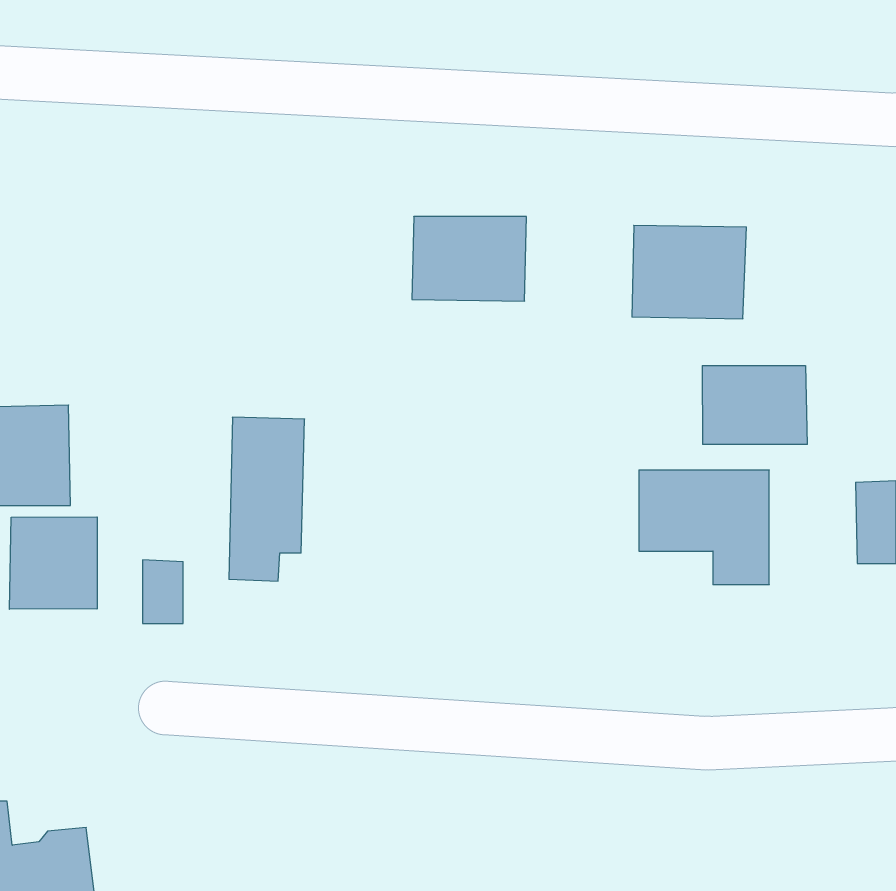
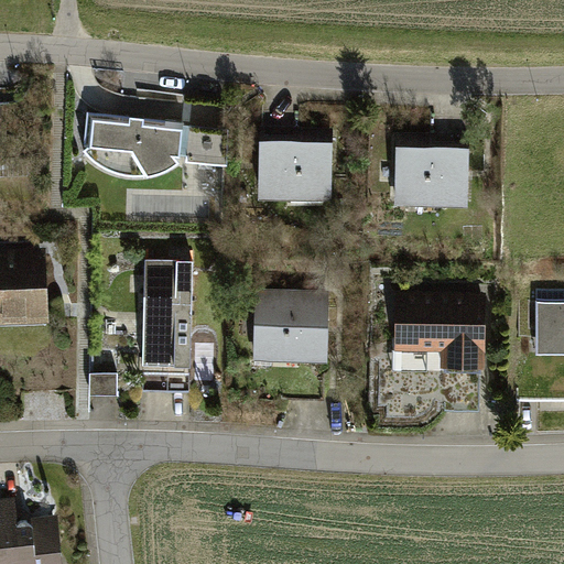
building: none -> [83,117,227,182]
building: [702,366,807,444] -> none
building: none -> [254,296,326,360]
building: [9,517,97,609] -> none

